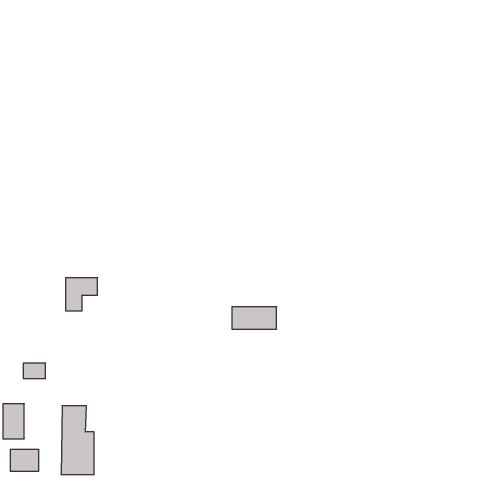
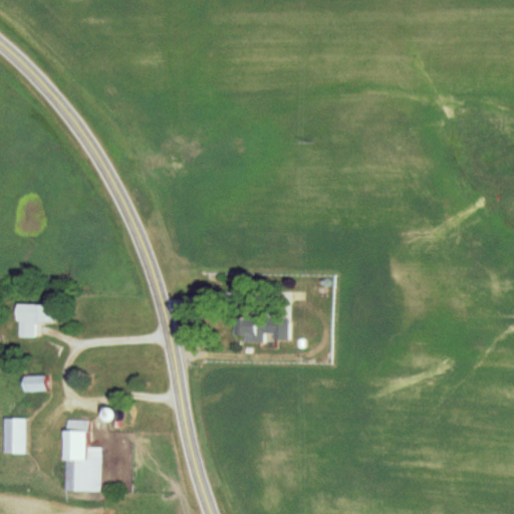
building: [66,278,98,311] -> [17,303,50,337]
building: [10,449,38,471] -> none

